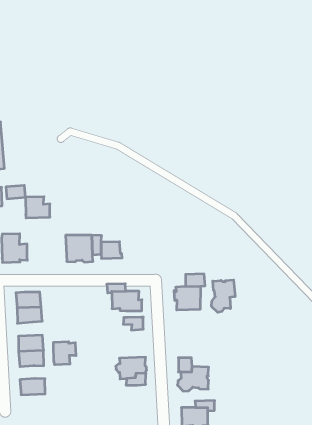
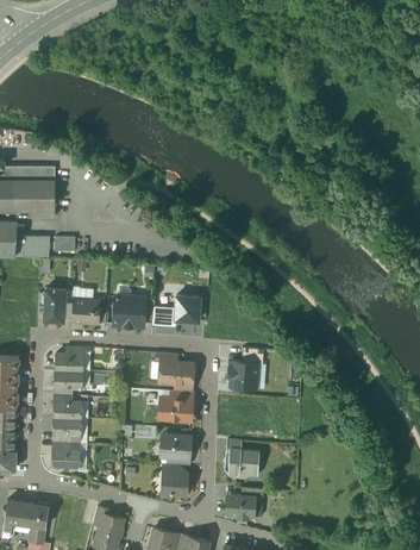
building: [25,197,50,218] -> [71,300,99,324]
building: none -> [174,295,201,323]
building: [212,280,235,312] -> none
building: none -> [158,399,192,421]
building: [53,342,76,365] -> none
building: none -> [162,473,187,495]

